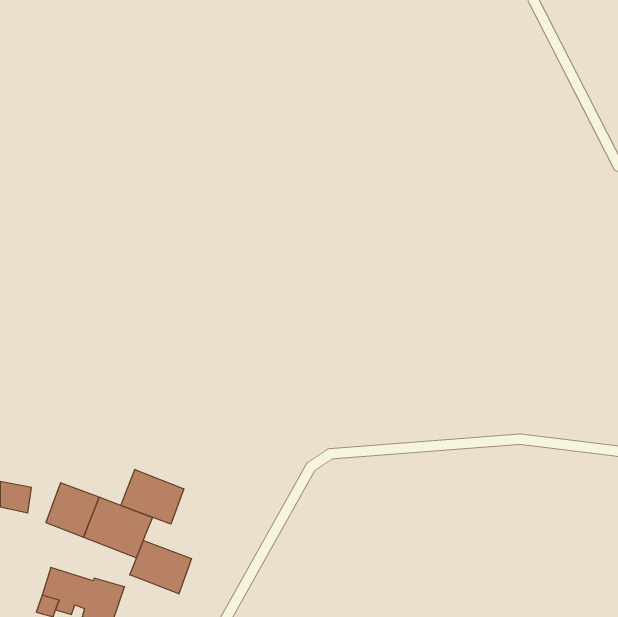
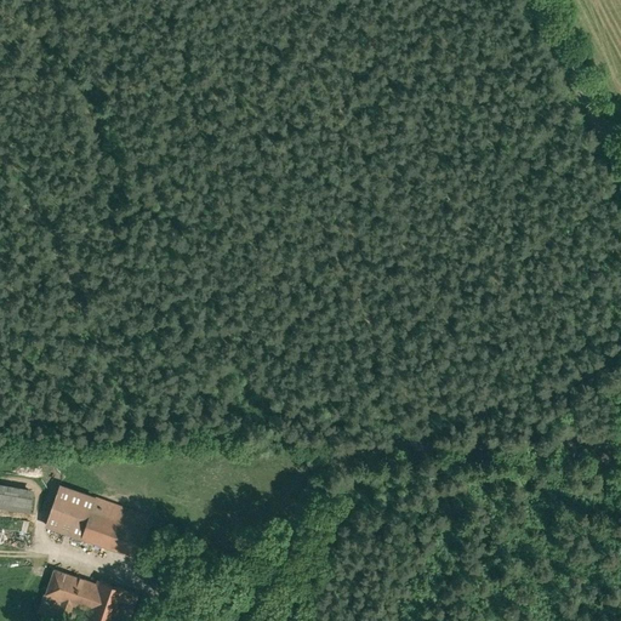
building: [121,469,184,524] -> none
building: [130,540,191,594] -> none

